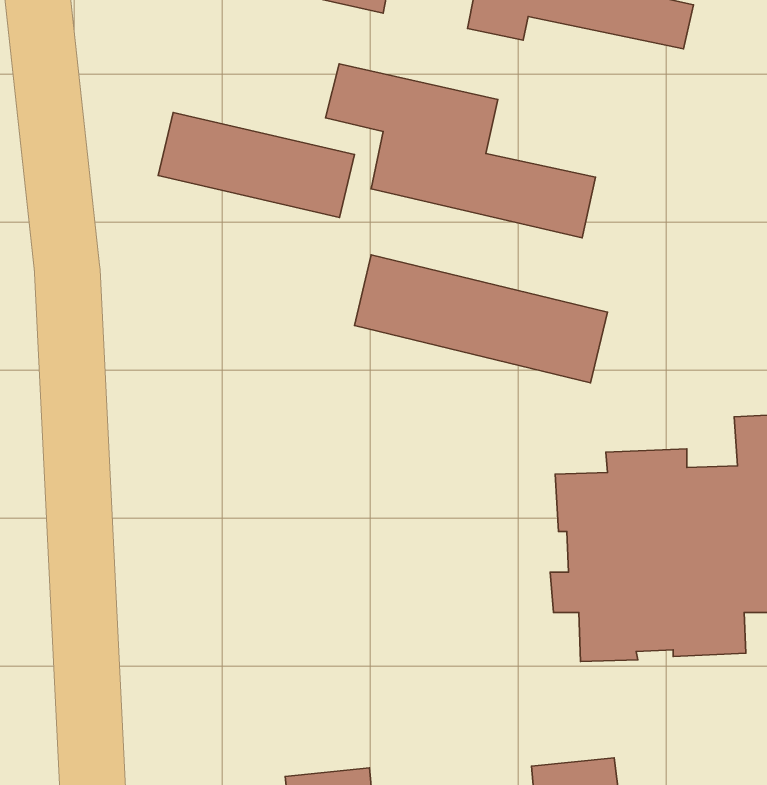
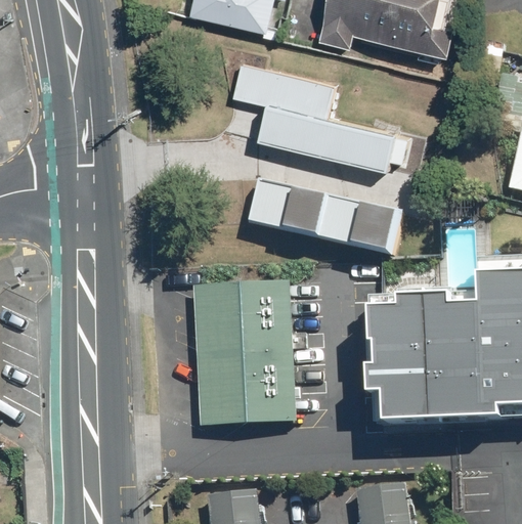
building: [158,113,354,217] -> none
building: none -> [193,281,295,427]

